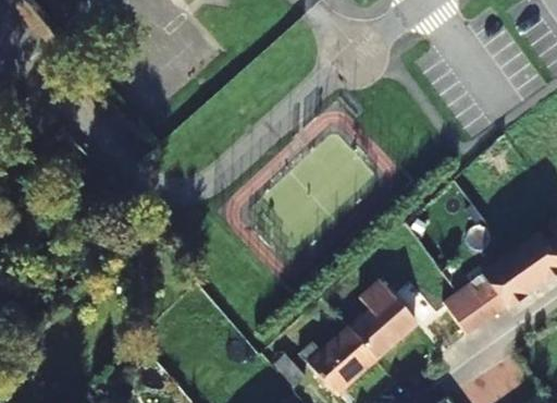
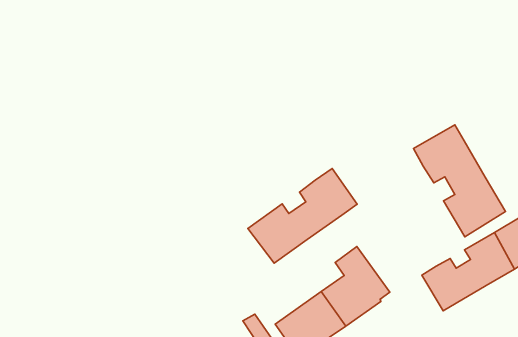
building: none -> [413,125,506,237]
building: none -> [248,169,357,263]

